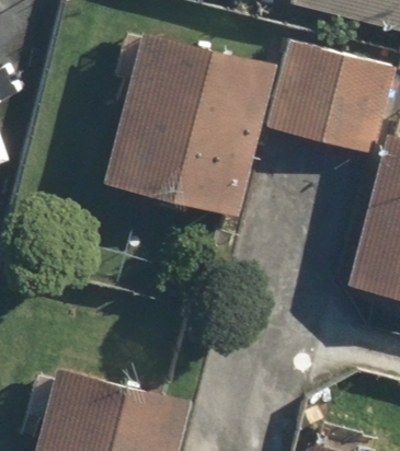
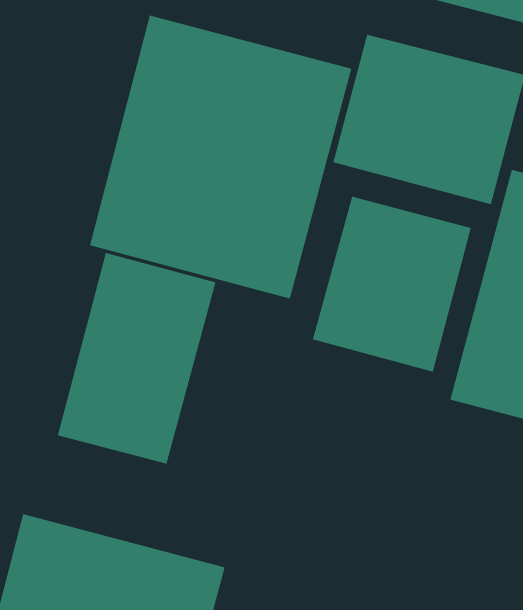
building: none -> [312,196,472,372]
building: none -> [57,252,216,465]

